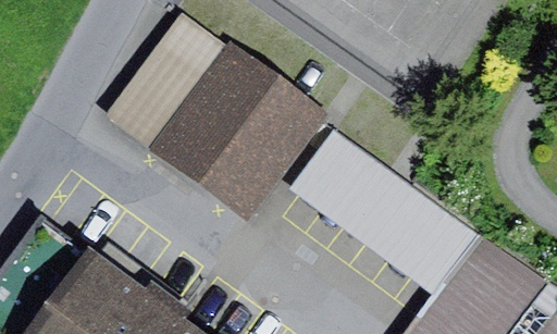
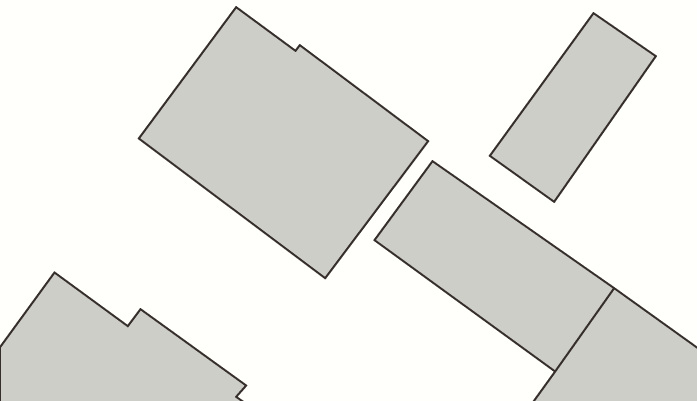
building: none -> [490,13,656,202]

